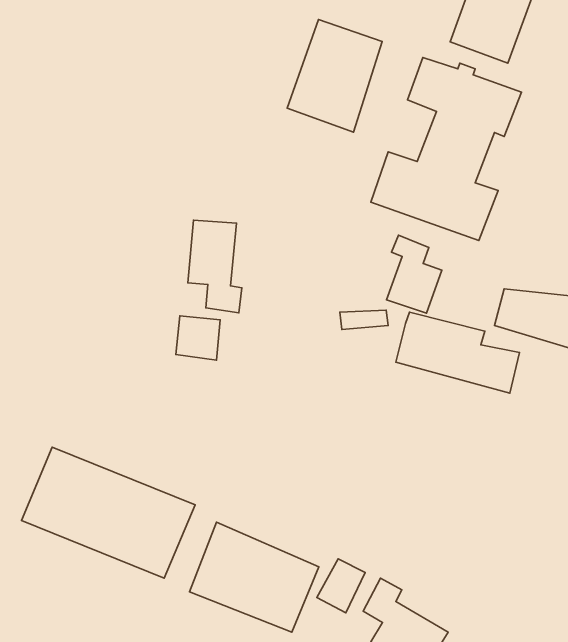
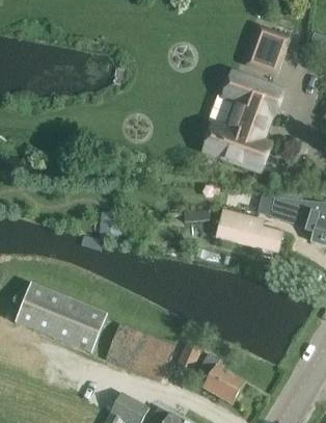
building: [287,20,382,132] -> none
building: [188,220,242,313] -> none
building: [387,235,442,313] -> none

